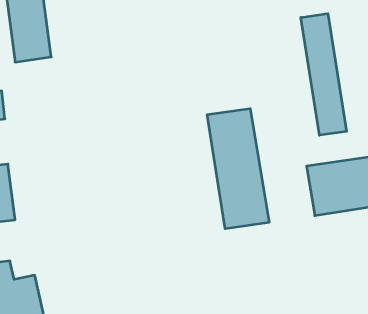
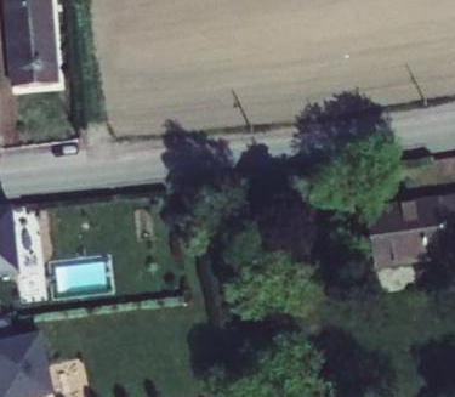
building: [301,14,347,135] -> none
building: [207,109,269,229] -> none

